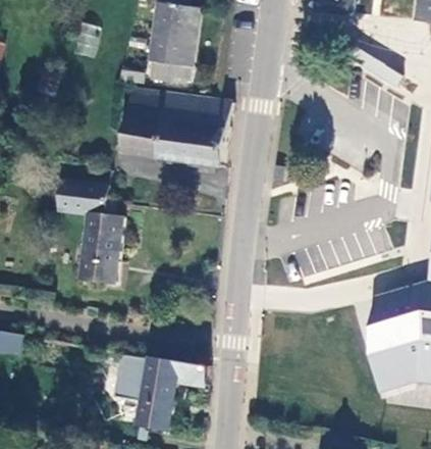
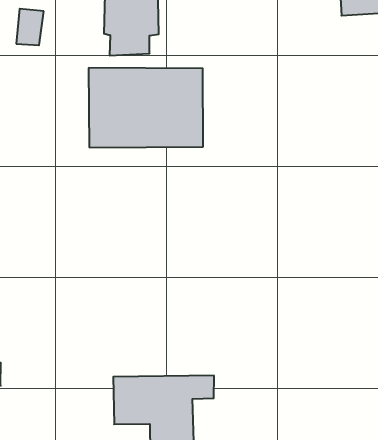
building: [58,184,124,287] -> none

